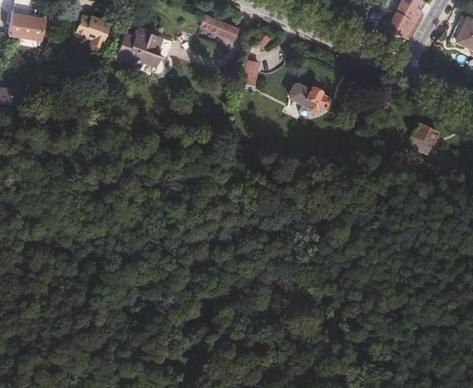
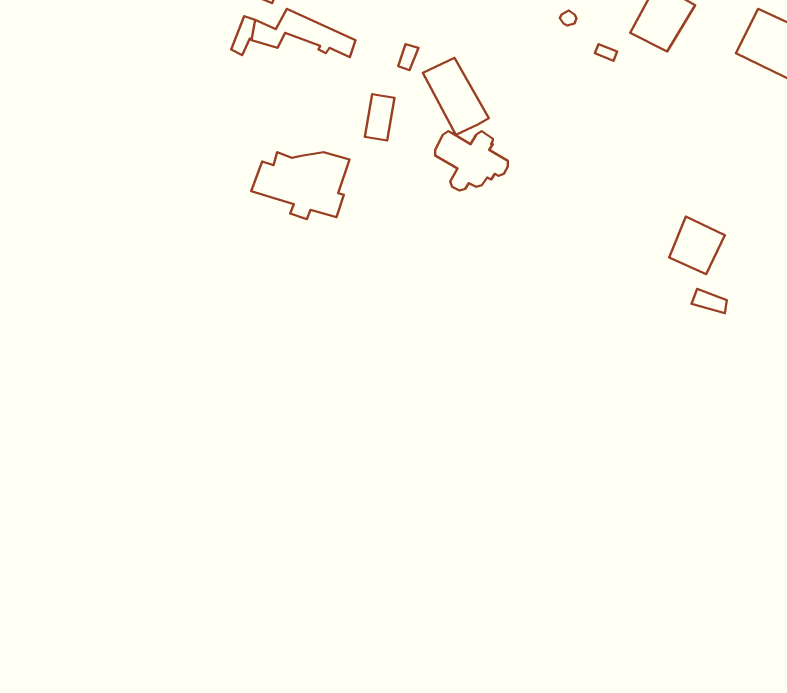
building: [75,17,110,49] -> none
building: [111,32,164,68] -> [251,152,349,219]
building: none -> [423,58,489,135]

